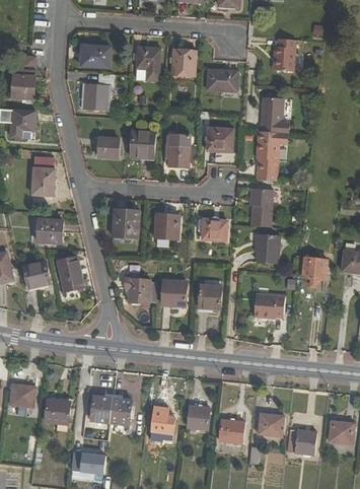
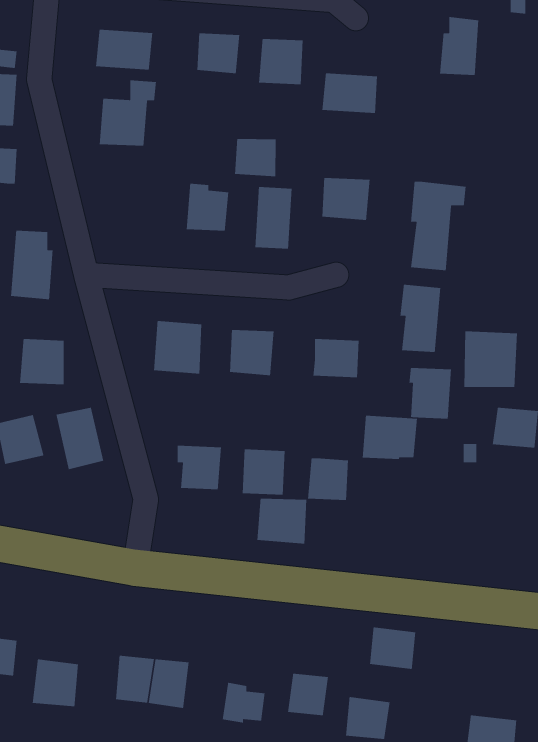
building: [261,89,289,132] -> none
building: none -> [234,138,277,177]
building: [96,136,118,157] -> none
building: none -> [464,330,518,388]
building: [253,292,284,318] -> [362,415,418,460]
building: none -> [257,498,307,545]
building: [258,412,284,436] -> [369,626,416,670]

